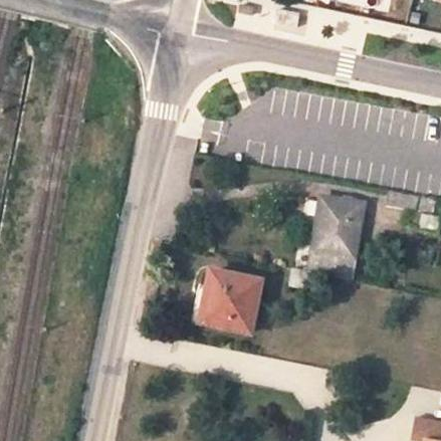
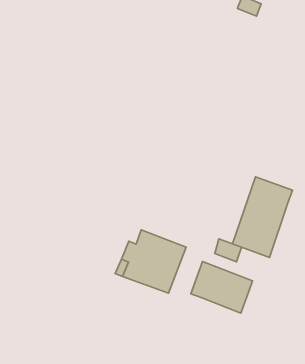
building: none -> [191,261,253,313]

